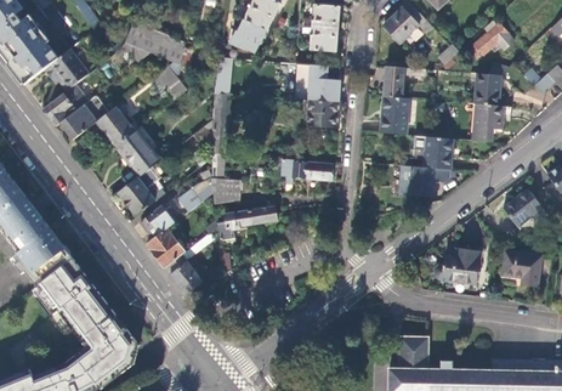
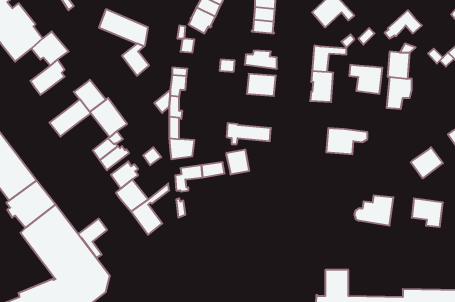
building: [58,95,108,140] -> [49,99,91,137]
building: [413,135,453,170] -> [349,65,382,94]
building: none -> [227,149,249,175]
building: none -> [78,219,107,258]

